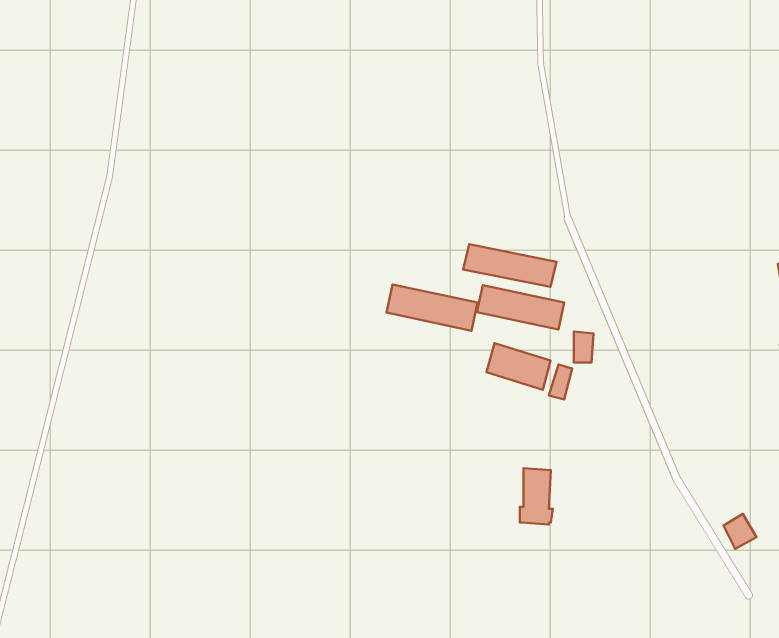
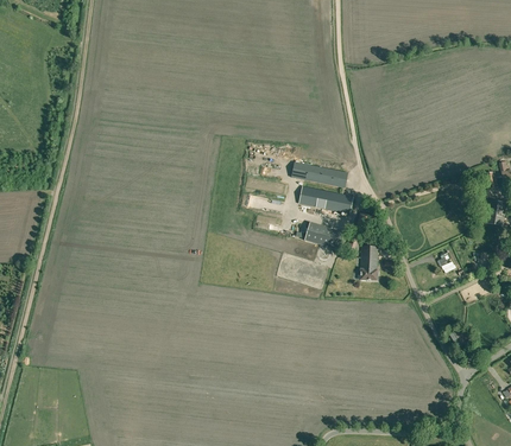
building: [386,284,478,331] -> none
building: [520,468,553,524] -> [359,246,379,280]

